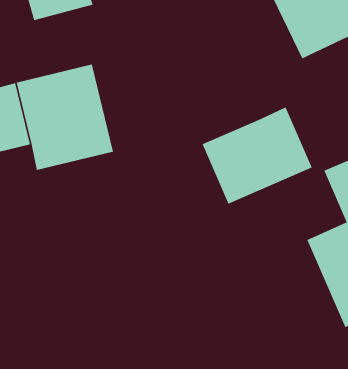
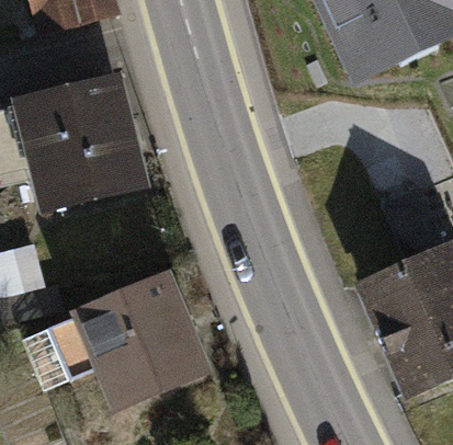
building: [202,107,313,204] -> none
building: none -> [30,282,207,407]

